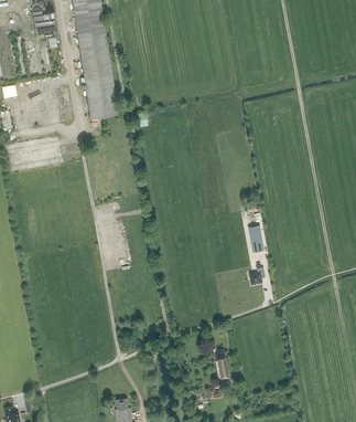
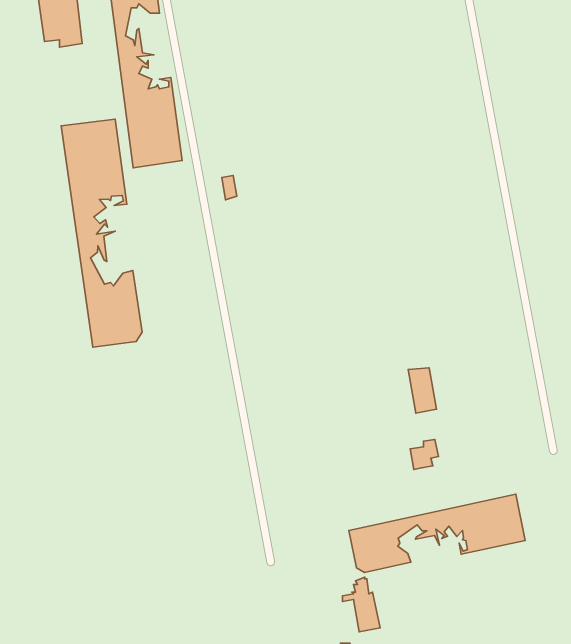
building: none -> [61,119,142,347]
building: none -> [349,494,525,573]

